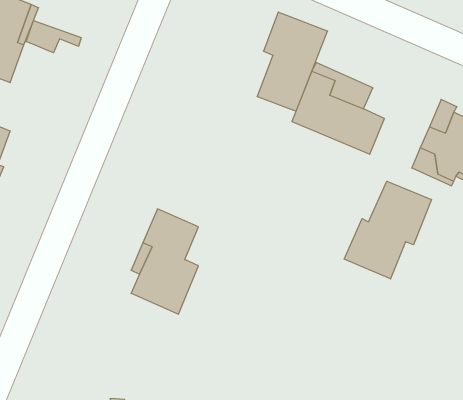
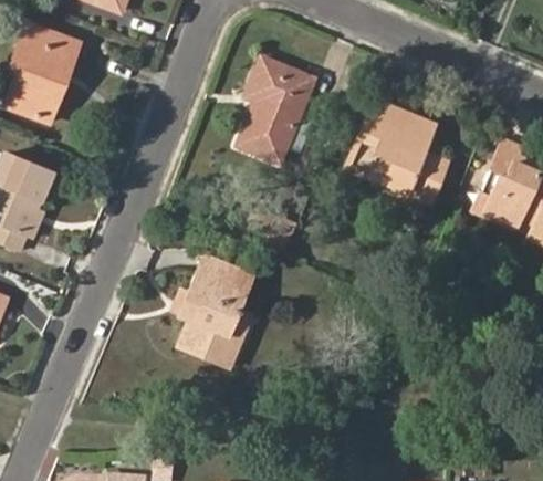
building: [257,12,328,111] -> [241,56,315,160]
building: [26,20,81,53] -> none
building: [344,181,431,279] -> none

